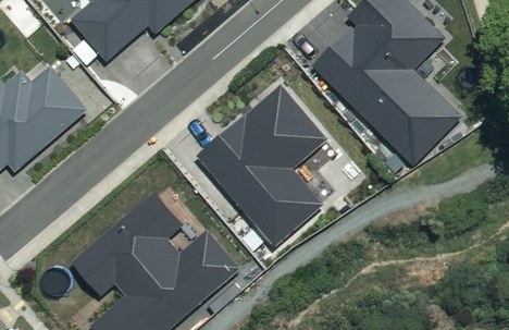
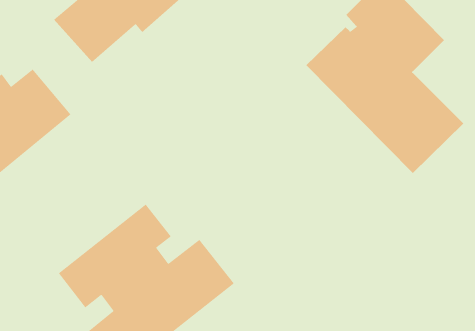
building: [196,83,327,246] -> none

